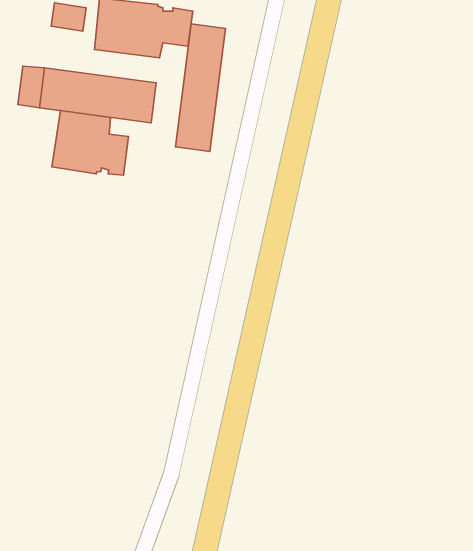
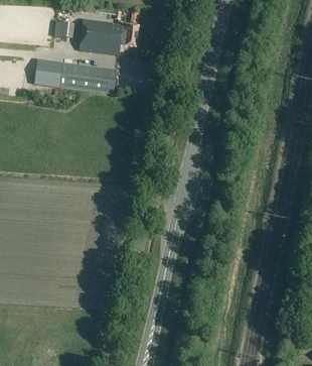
building: [175,24,225,152] -> none
building: [52,111,128,175] -> none

